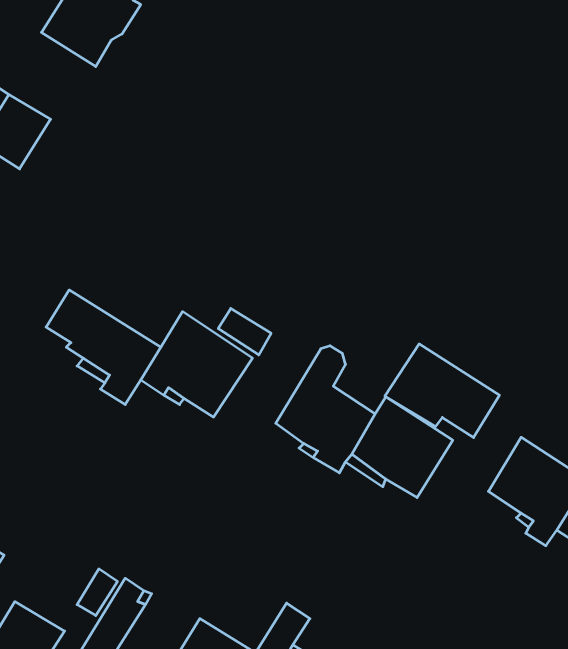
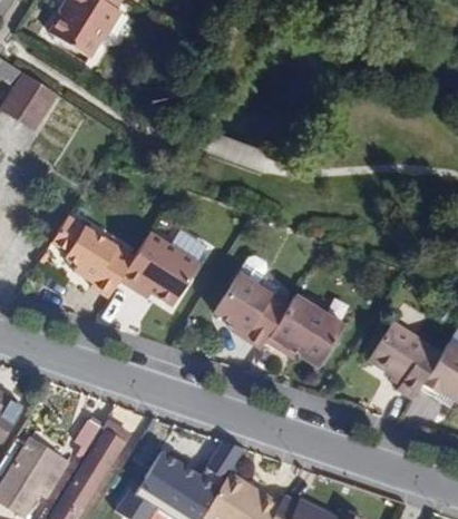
building: [385,344,499,438] -> none

